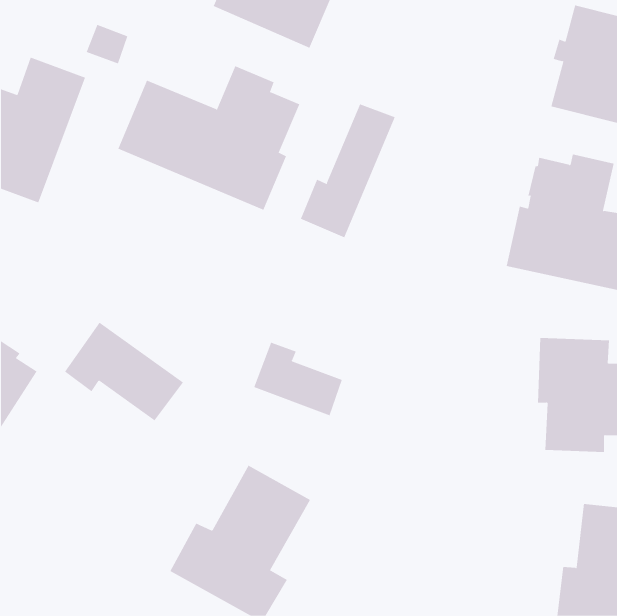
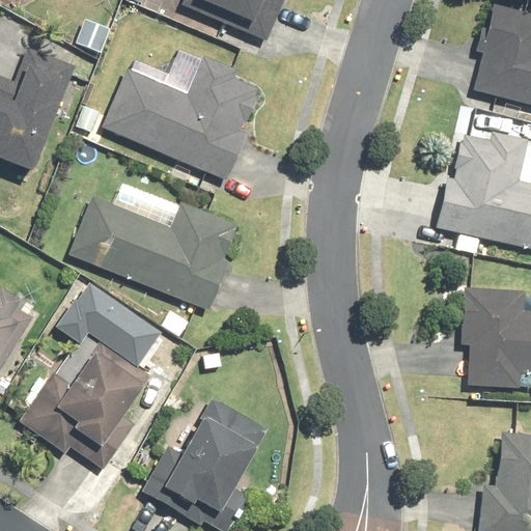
building: [300,103,395,238] -> none
building: none -> [68,197,235,309]
building: [254,342,343,416] -> none
building: none -> [19,343,150,470]

